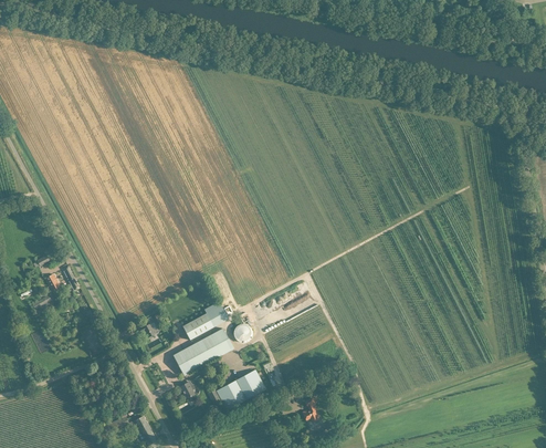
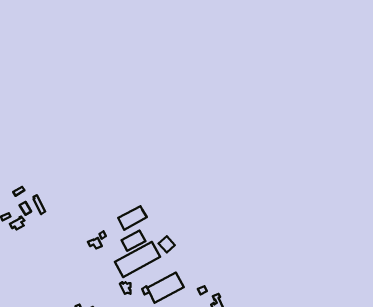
building: none -> [118,206,147,230]

